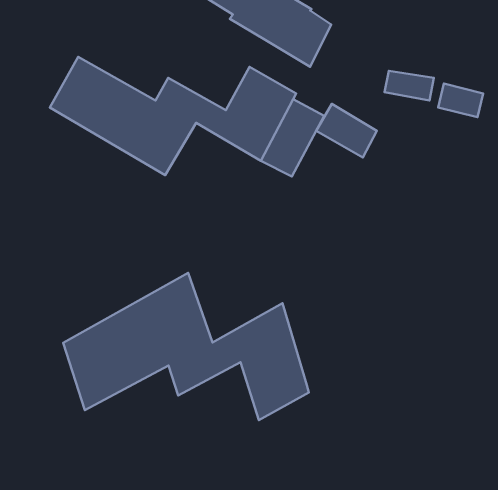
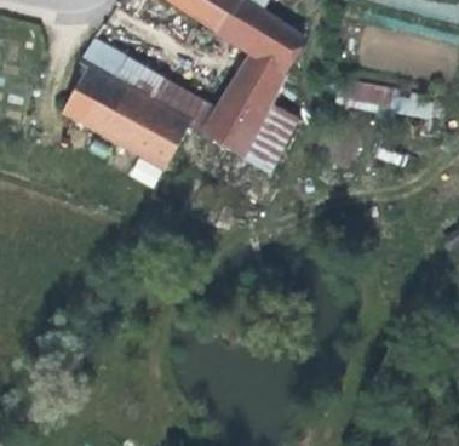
building: none -> [80,39,165,103]
building: [316,104,377,157] -> [233,51,285,97]
building: [63,273,309,420] -> none

